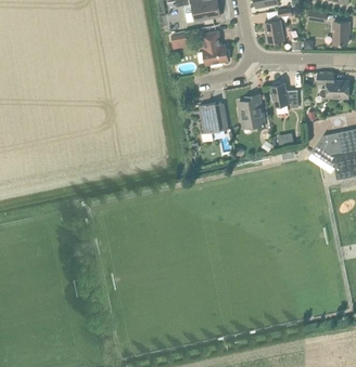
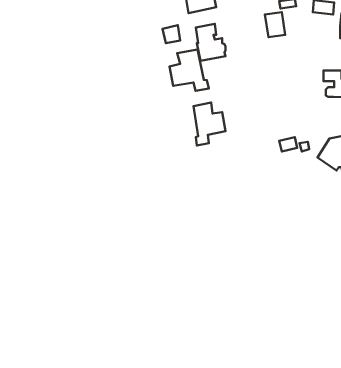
building: none -> [169,50,209,91]
building: [270,81,297,106] -> none
building: [238,94,265,130] -> none

